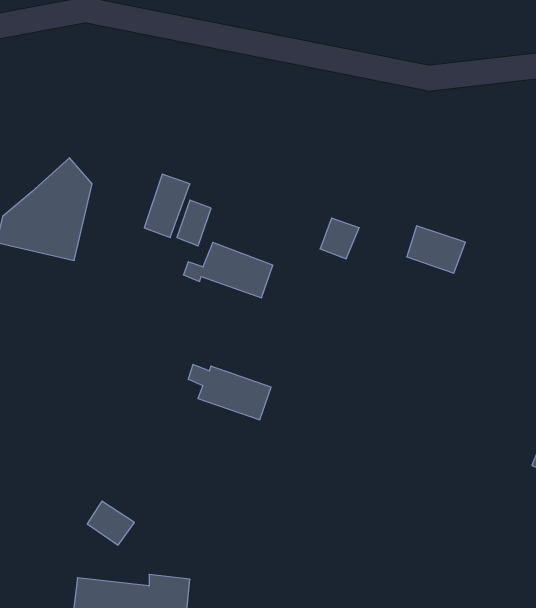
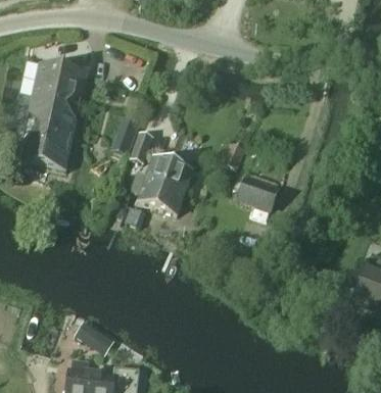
building: none -> [27,61,88,127]
building: [407,226,465,273] -> [239,179,276,208]
building: [188,364,271,420] -> [131,179,183,213]

